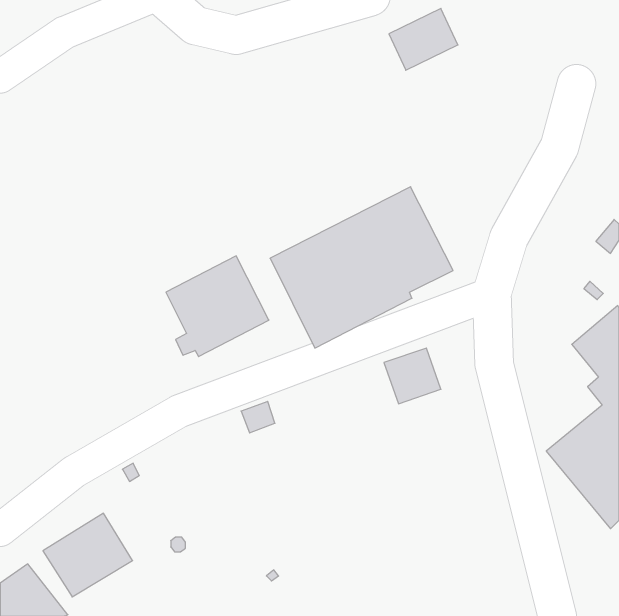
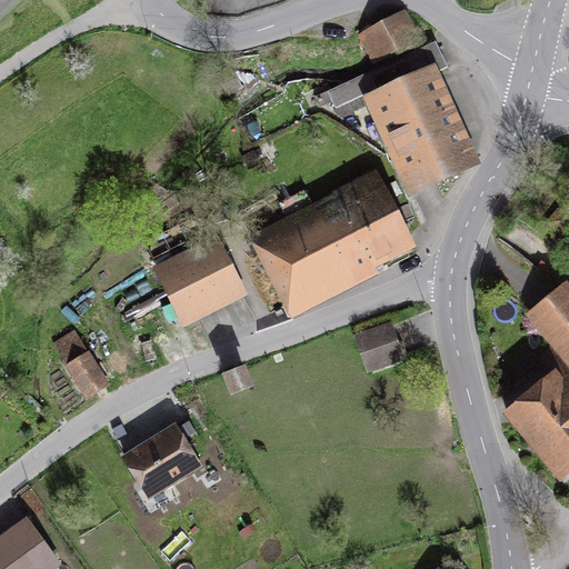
building: none -> [326,39,481,199]
building: none -> [52,327,110,399]
building: [43,513,133,597] -> [120,422,202,499]

